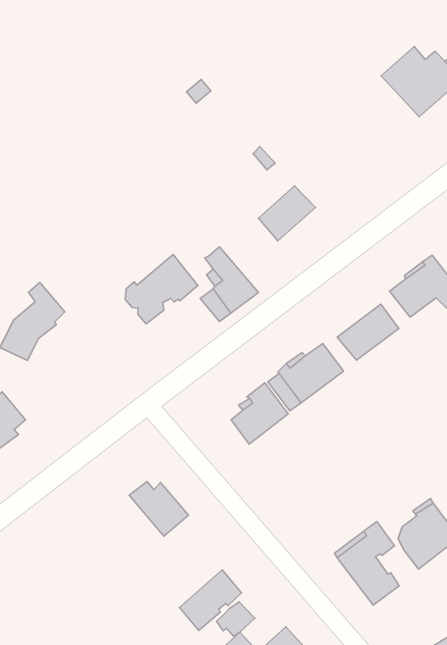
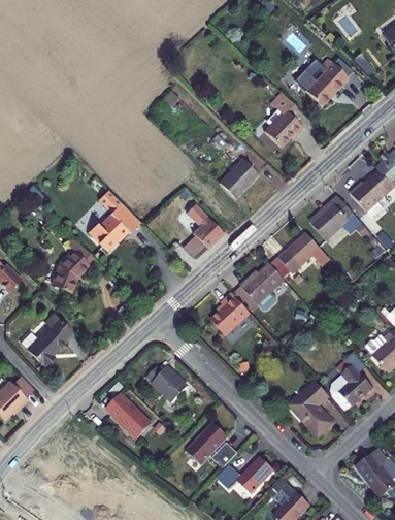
building: none -> [264,92,303,147]
building: [125,255,198,324] -> [91,201,139,250]
building: none -> [106,393,152,438]

